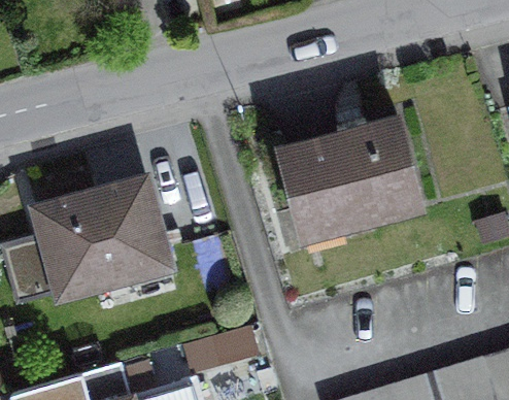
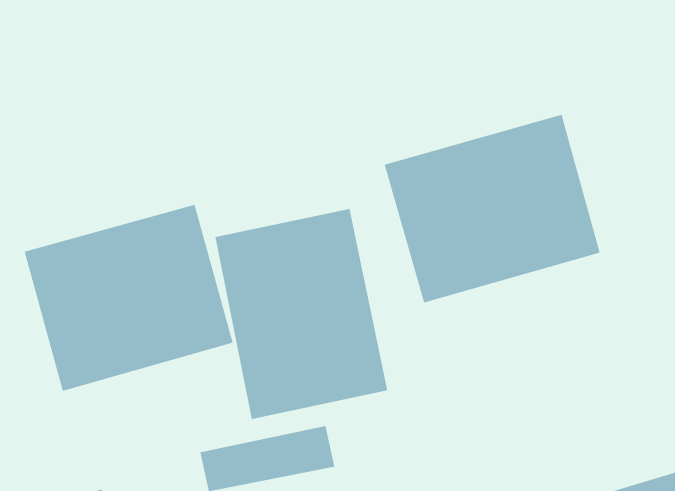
building: none -> [215,208,388,420]

